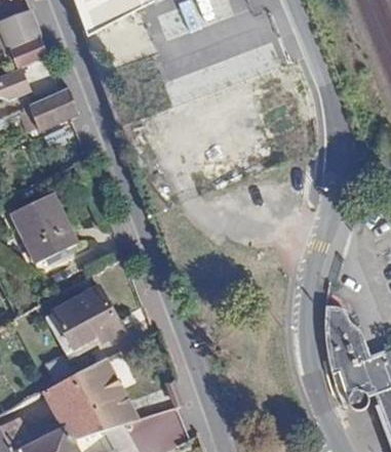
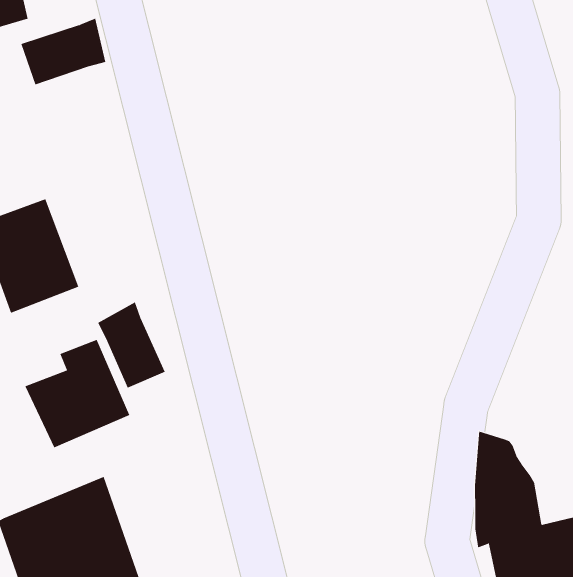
building: none -> [97,301,166,389]

